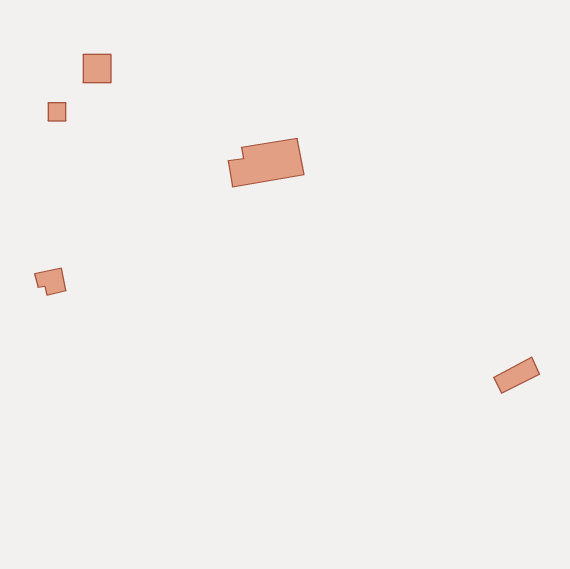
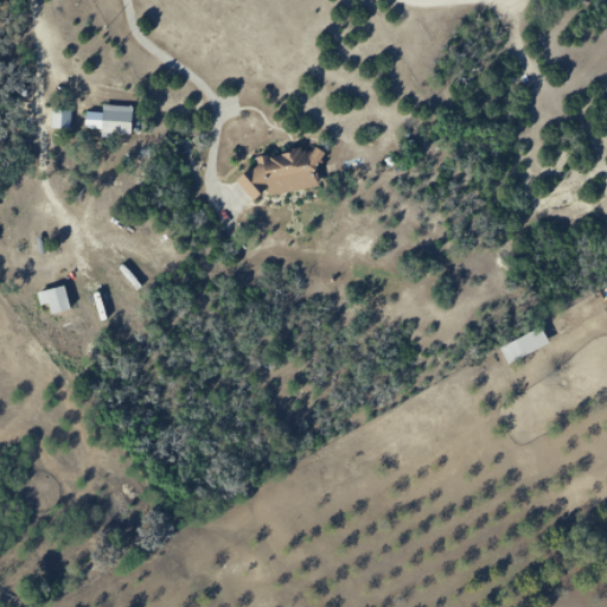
building: [83,55,111,83] -> [102,104,132,134]
building: [494,357,540,393] -> [500,325,549,363]

